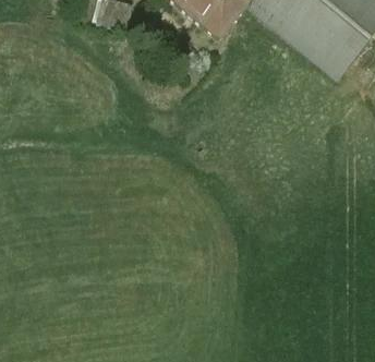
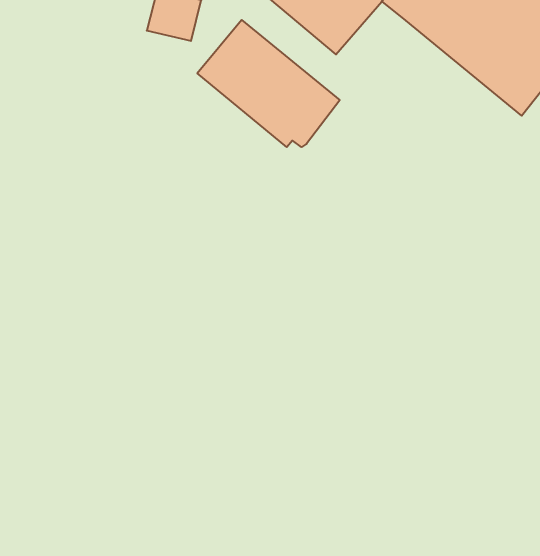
building: none -> [197,20,340,147]

